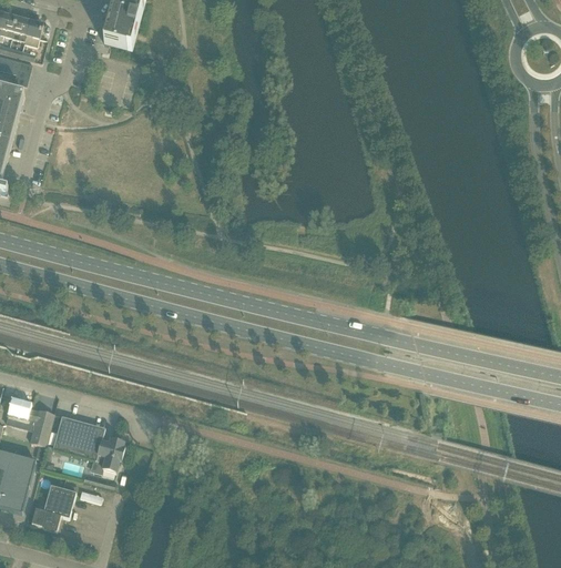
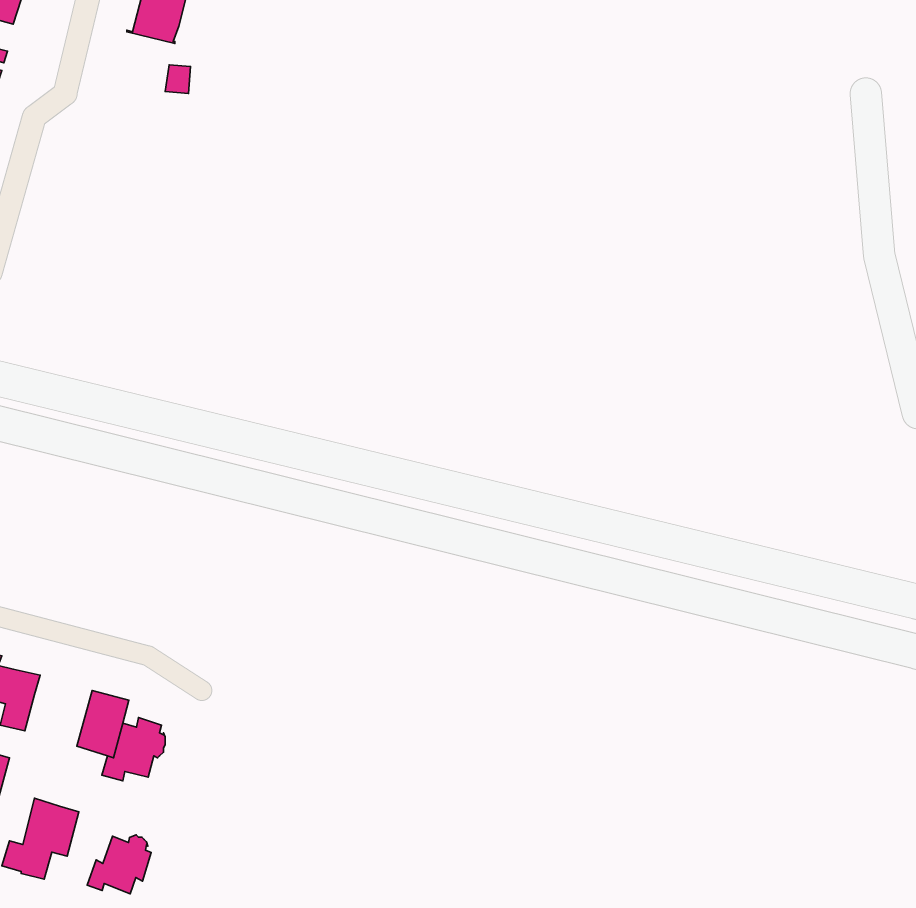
building: [50,414,81,453] -> none
building: none -> [87,835,151,894]

